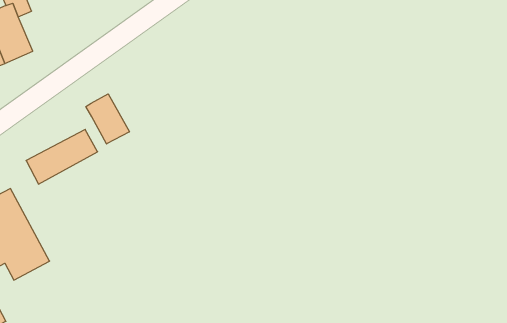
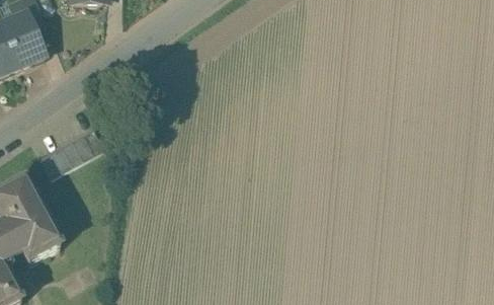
building: [86,94,129,144] -> none

